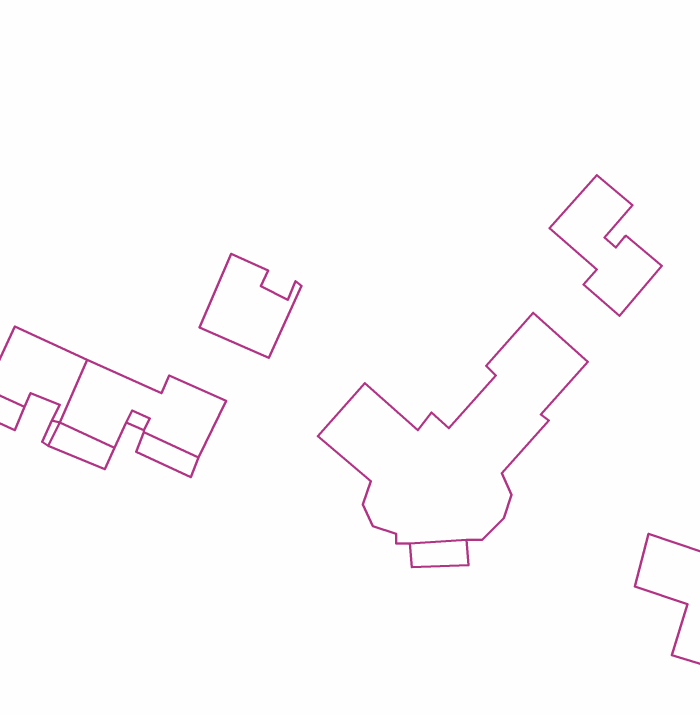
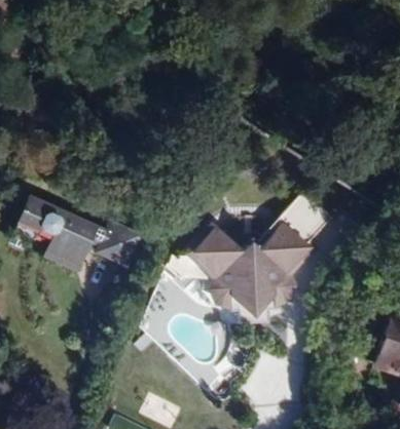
building: [549,175,662,316] -> none
building: [199,254,302,358] -> none

